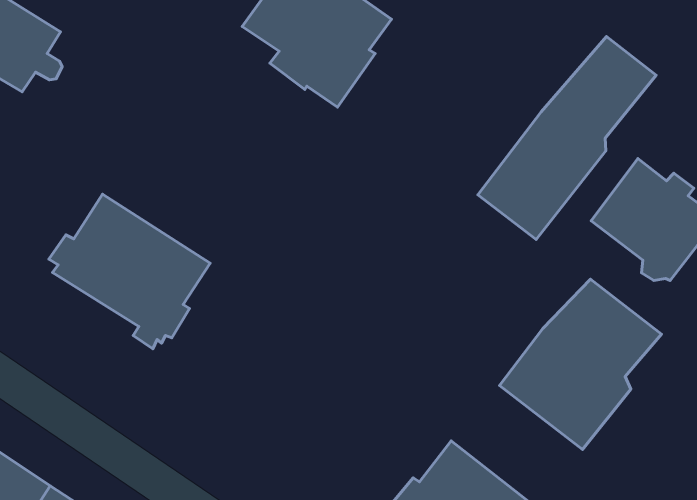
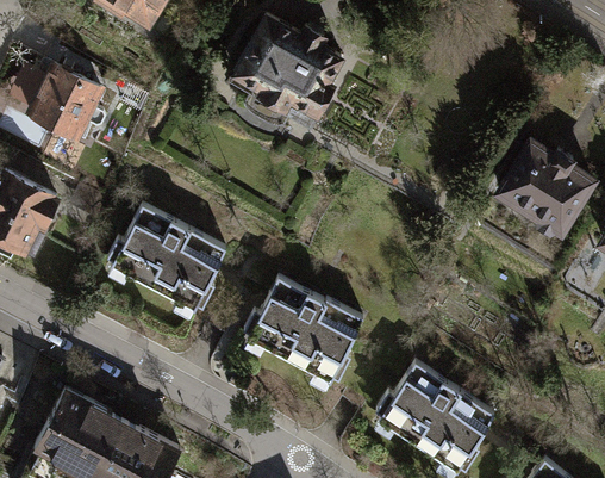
building: [478,37,656,239] -> none
building: [500,279,661,449] -> none
building: none -> [243,278,361,390]

